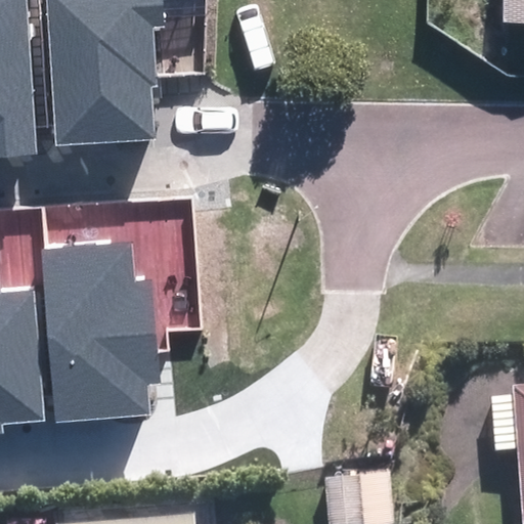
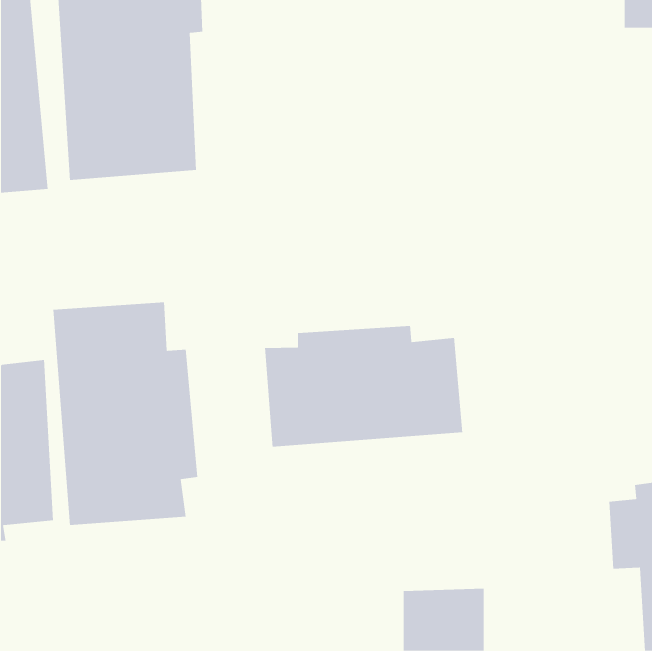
building: none -> [264,325,463,447]

